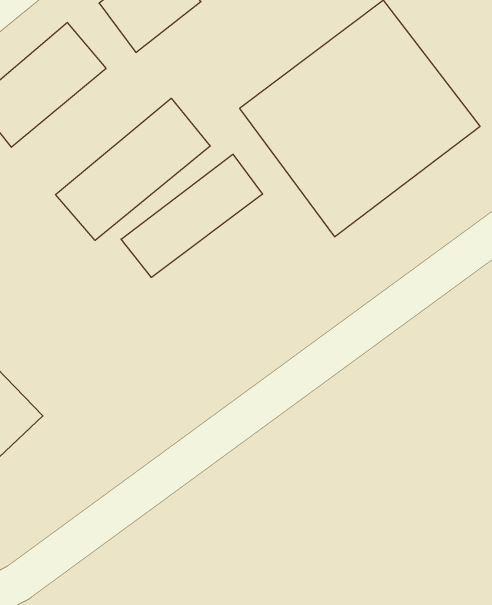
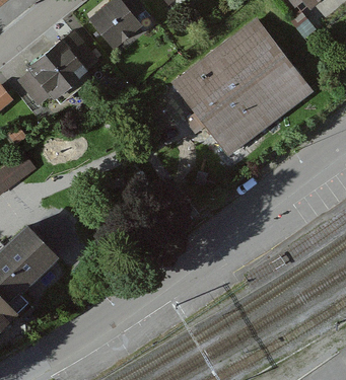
building: [56,98,210,240] -> none
building: [121,154,263,277] -> none

